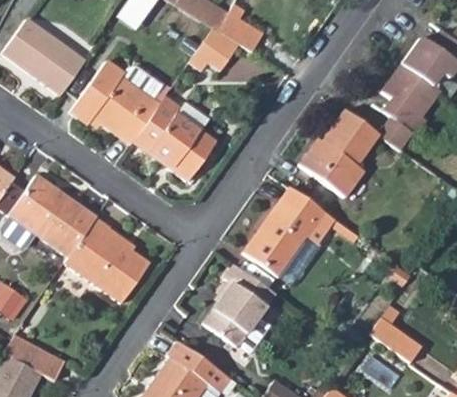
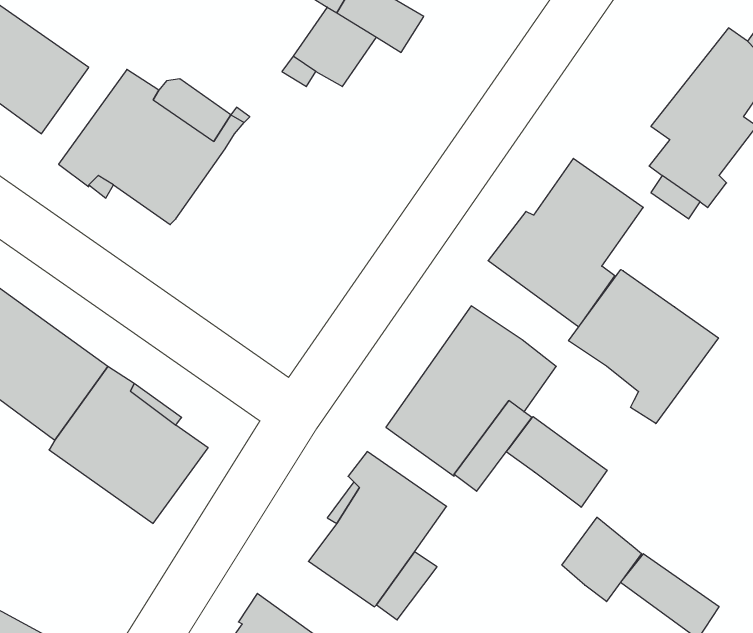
building: [133,95,215,181] -> none
building: none -> [569,270,718,424]
building: none -> [506,417,607,507]
building: none -> [562,517,642,602]

